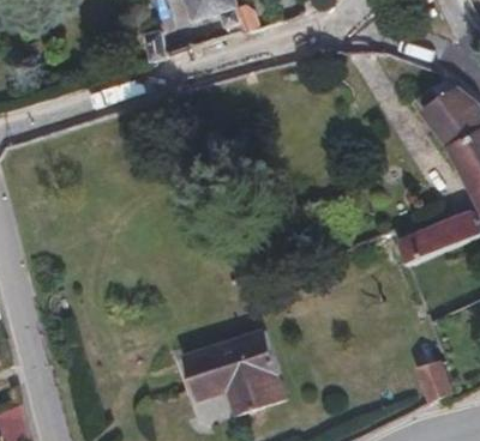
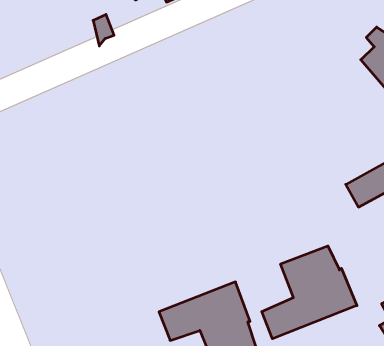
building: none -> [262,246,357,339]

